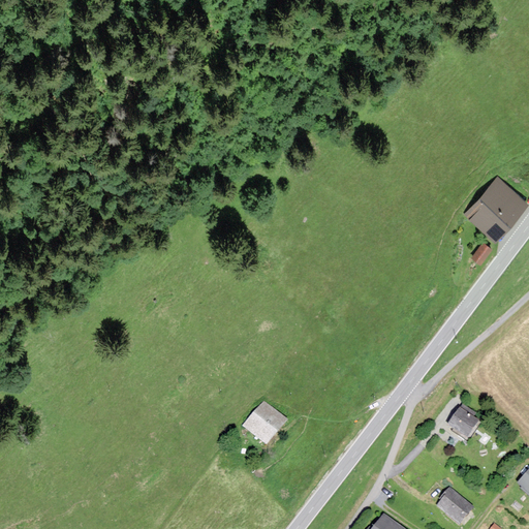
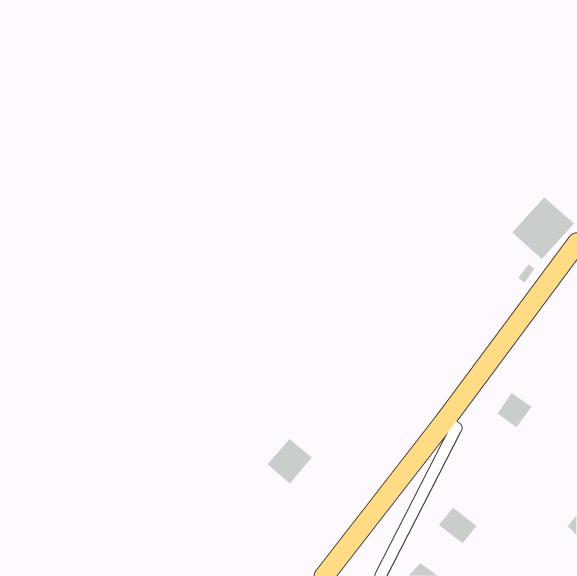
building: [448,404,481,437] -> [497,392,533,428]
building: [437,489,473,523] -> [438,507,478,544]

